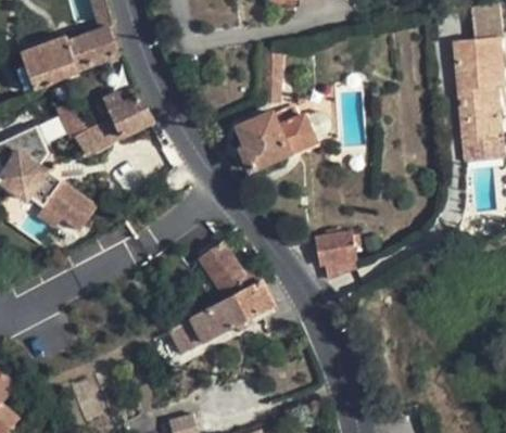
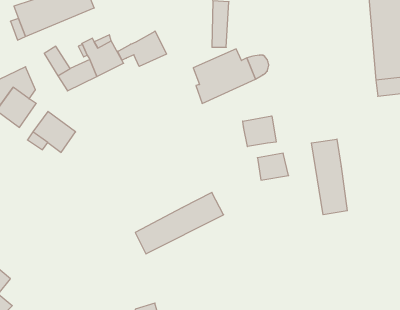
building: none -> [117,31,167,66]
building: none -> [243,116,276,147]
building: none -> [311,139,347,215]
building: [199,240,262,297] -> none

